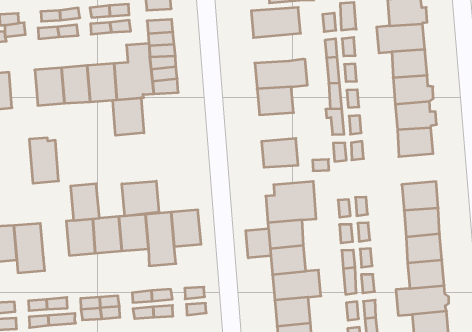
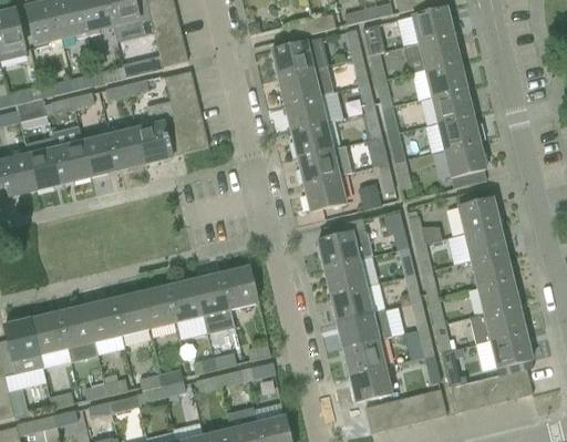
building: none -> [278,64,333,103]
building: [113,98,144,135] -> none
building: none -> [297,145,351,184]
building: [29,138,59,183] -> [25,140,63,189]
building: [122,181,159,216] -> none
building: [71,184,99,220] -> [85,299,121,341]
building: [246,228,271,258] -> none

